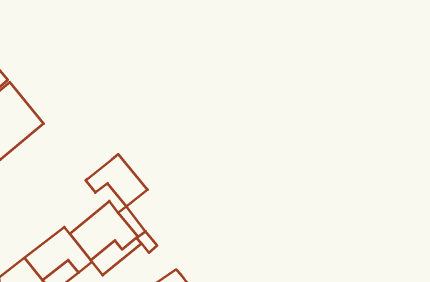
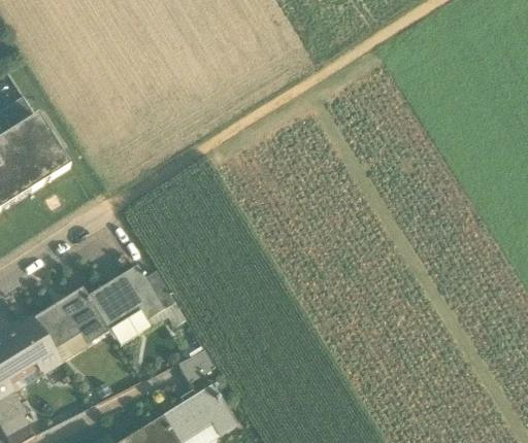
building: [86,154,148,206] -> none

